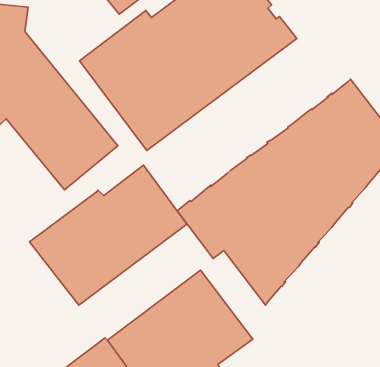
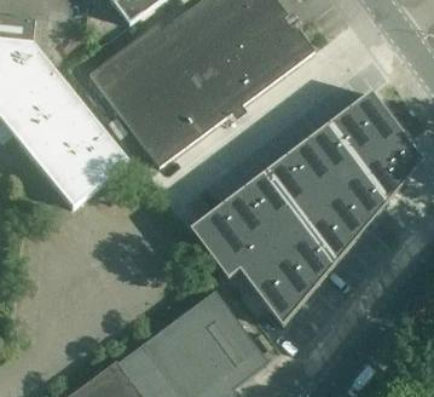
building: [29,165,187,305] -> none

